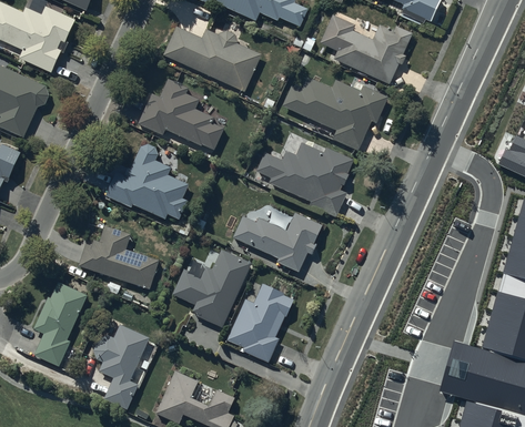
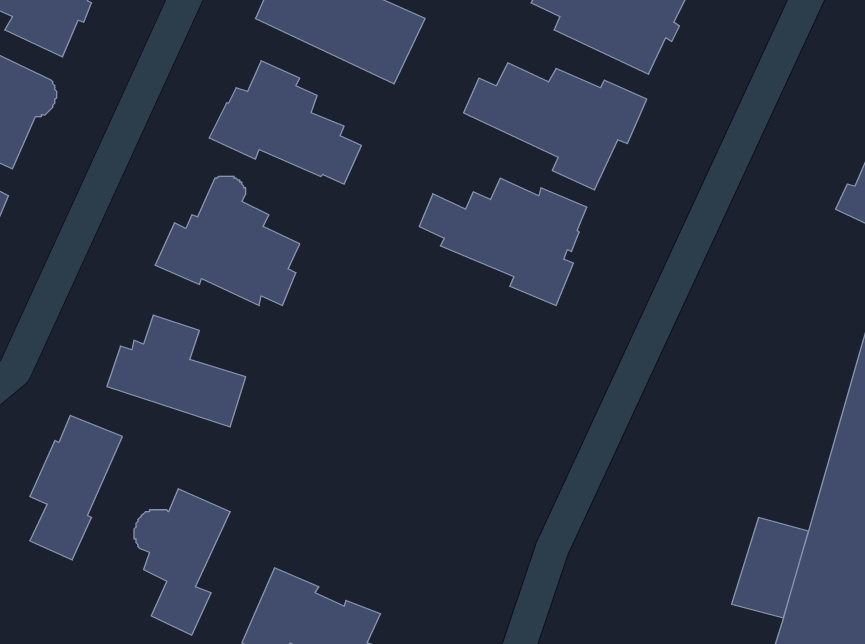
building: [234,216,323,275] -> none
building: [173,248,250,326] -> none
building: [226,283,292,362] -> none

